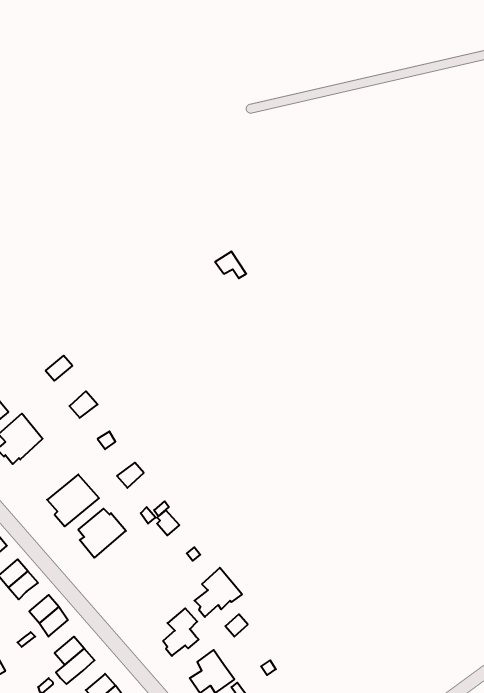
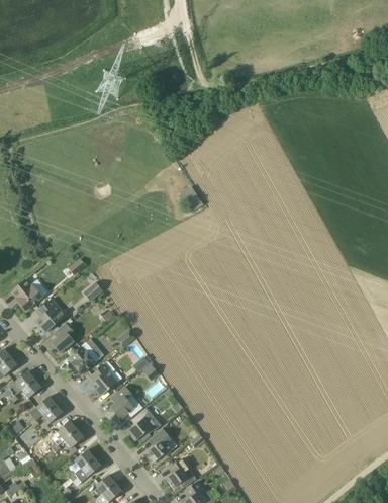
building: none -> [52,322,75,352]
building: none -> [110,386,139,418]
building: [194,568,242,617] -> [128,407,161,440]

